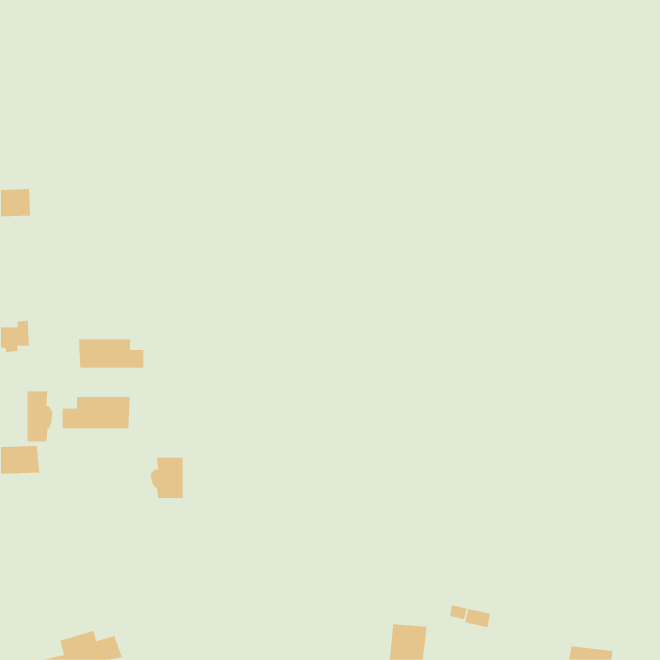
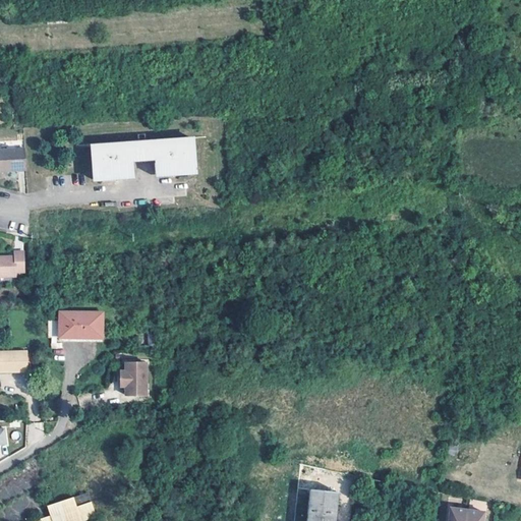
building: none -> [91,138,190,182]
building: [79,338,144,368] -> none
building: [27,391,53,442] -> none

